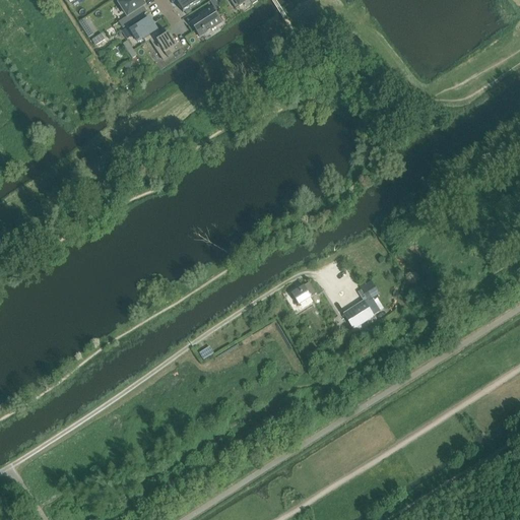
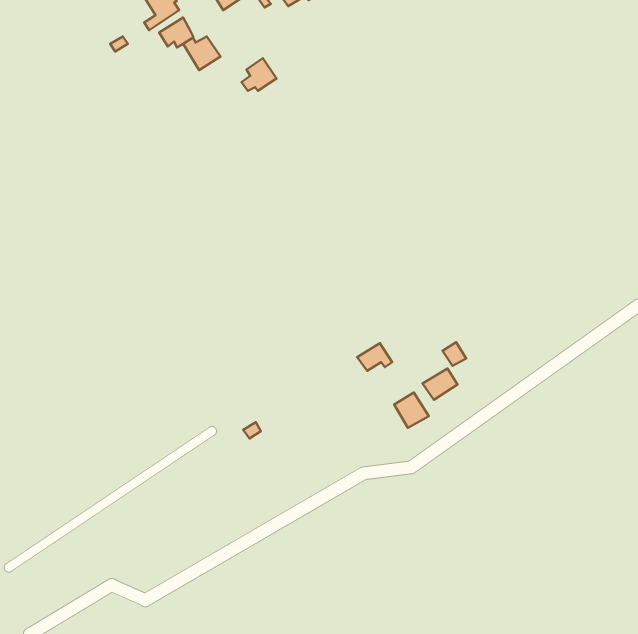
building: [191,4,219,30] -> [241,58,277,91]
building: none -> [394,392,429,428]

